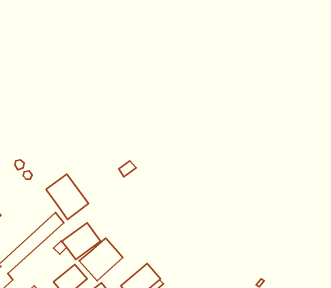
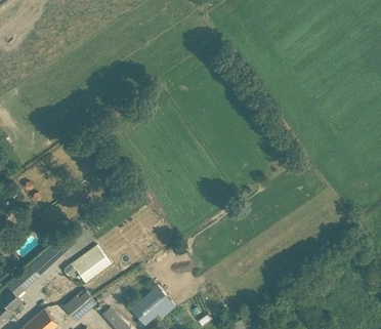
building: [46,174,89,220] -> none
building: [79,238,123,281] -> none

